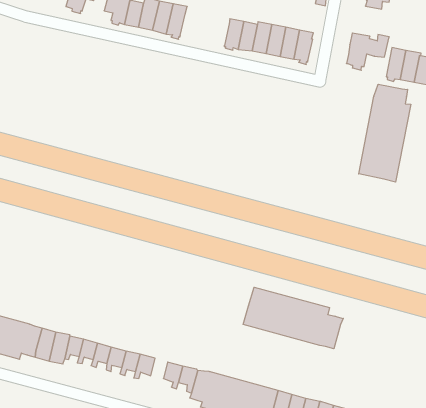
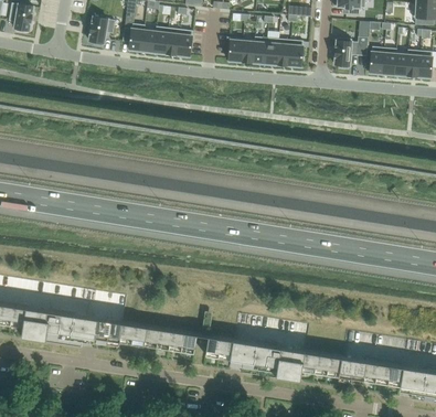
building: [359,84,411,182] -> none
building: [243,287,343,349] -> none

